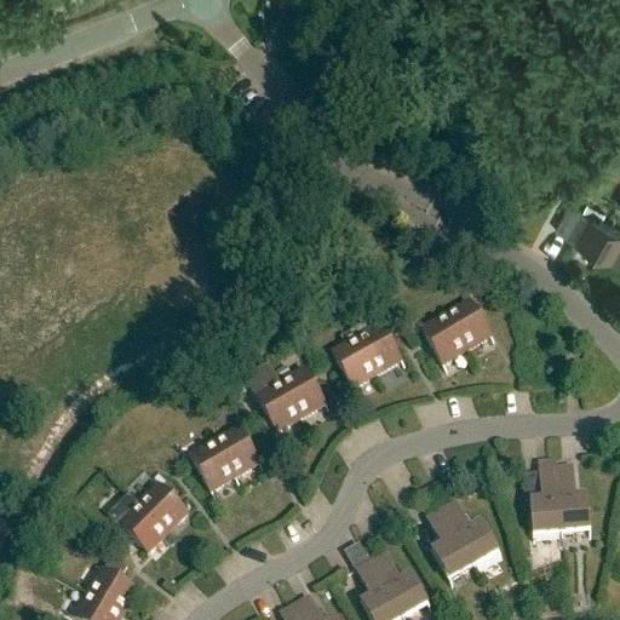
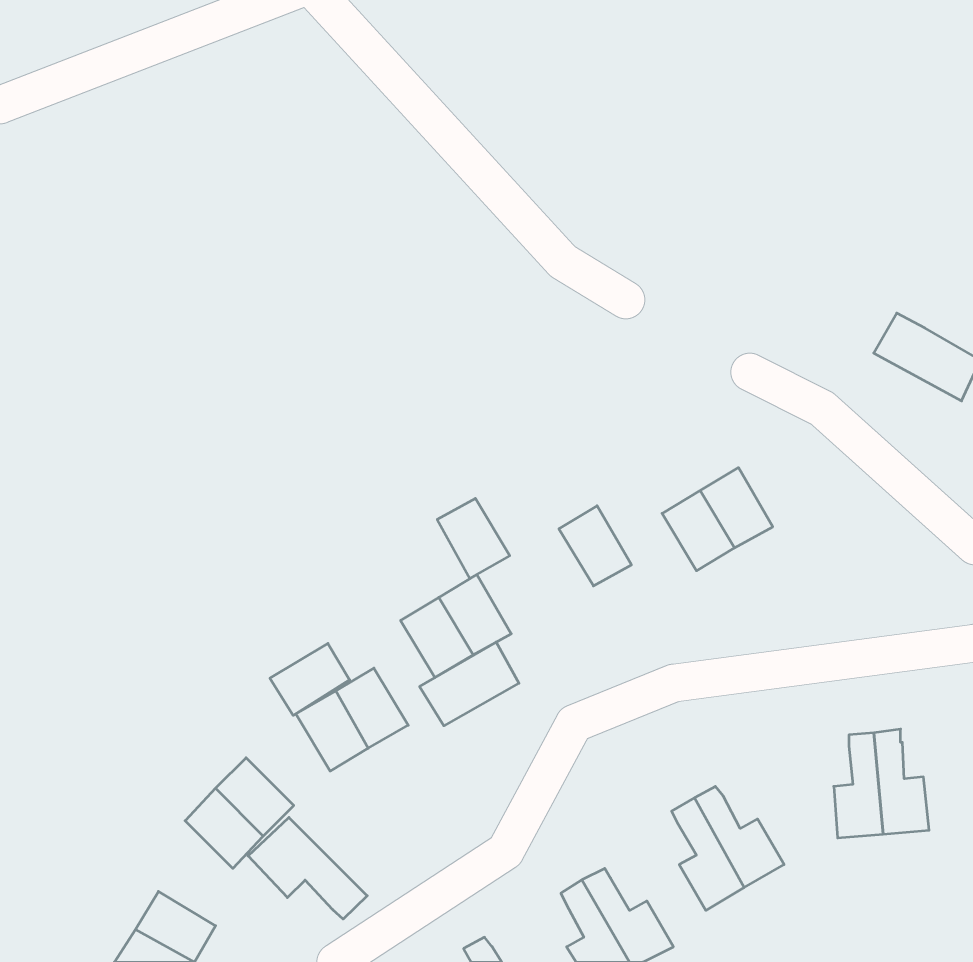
building: [332,335,378,386] -> [437,498,510,579]
building: none -> [420,642,519,726]
building: none -> [270,643,350,715]
building: none -> [248,817,367,919]

